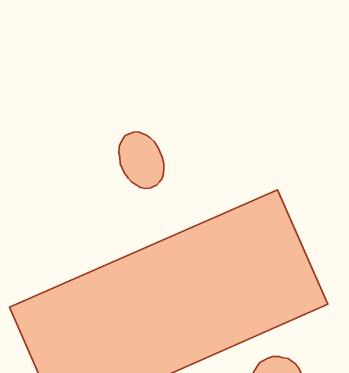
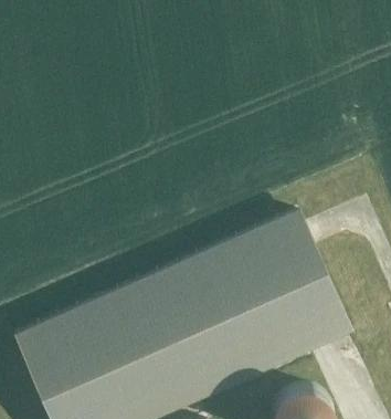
building: [119,132,164,188] -> none

